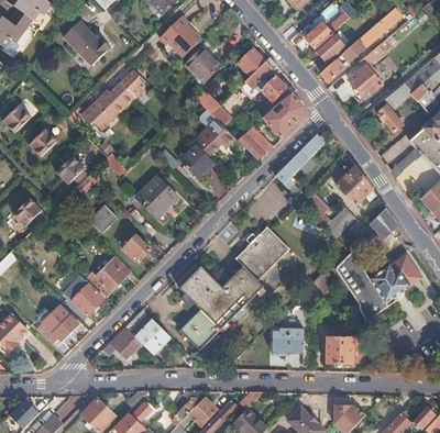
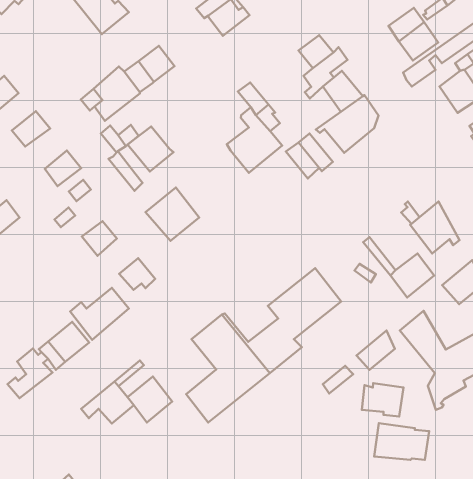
building: [188,46,222,80] -> none
building: [276,134,324,188] -> none
building: [179,143,215,177] -> [128,127,174,172]
building: [275,329,305,352] -> [362,383,404,416]

